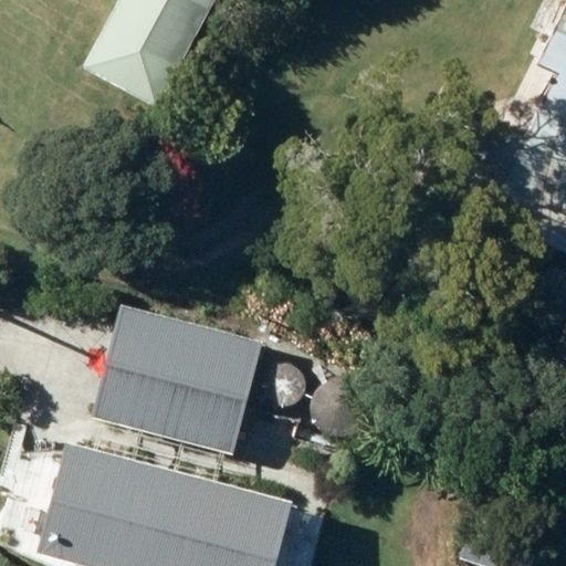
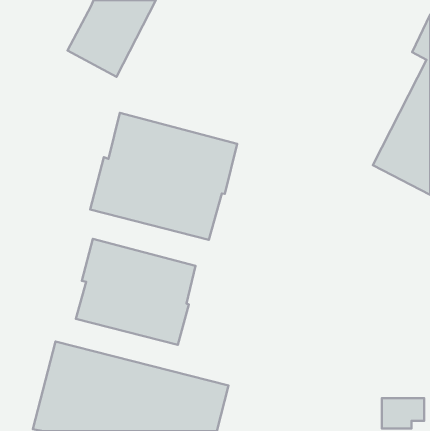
building: none -> [90,113,237,240]

